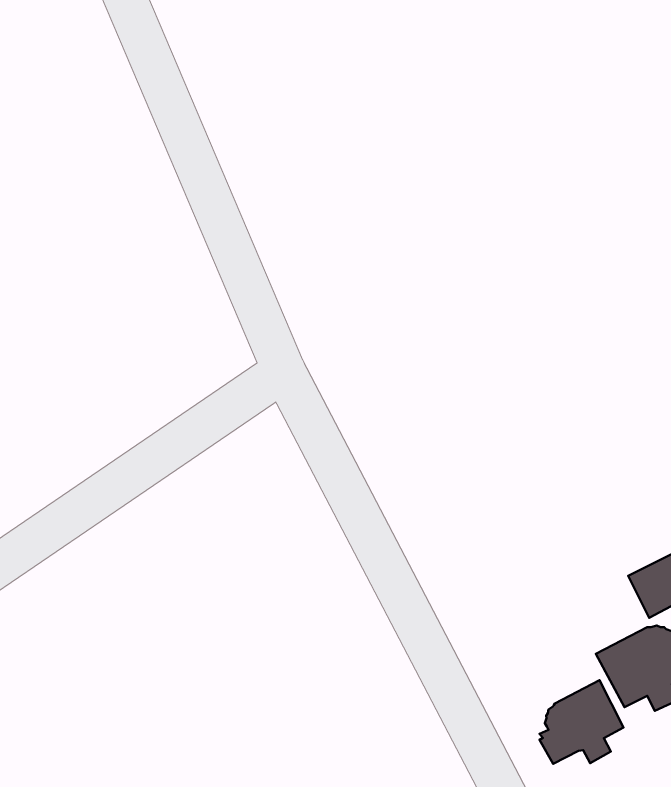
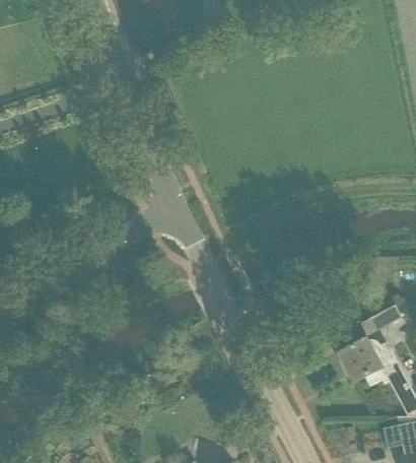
building: [539,680,623,764] -> none

